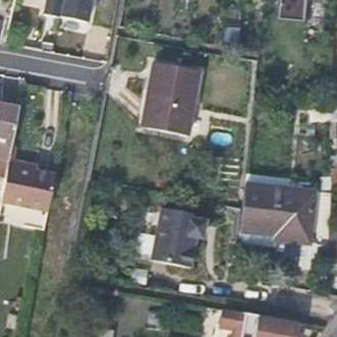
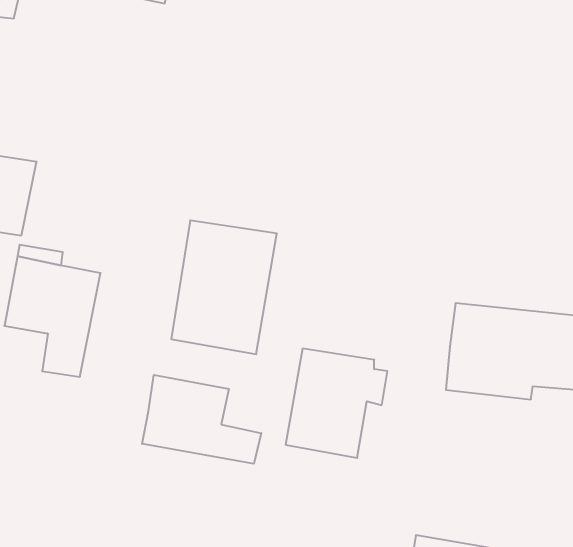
building: [143,62,200,134] -> [171,220,277,354]
building: none -> [142,375,261,464]

